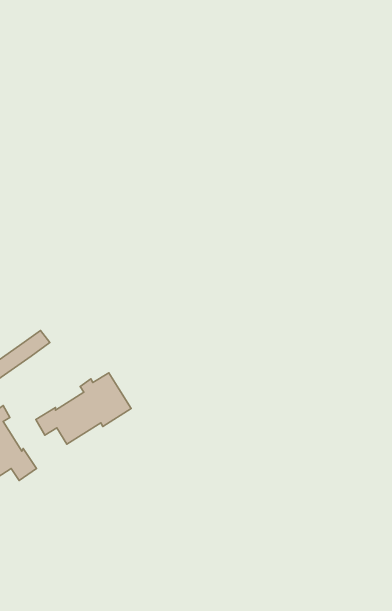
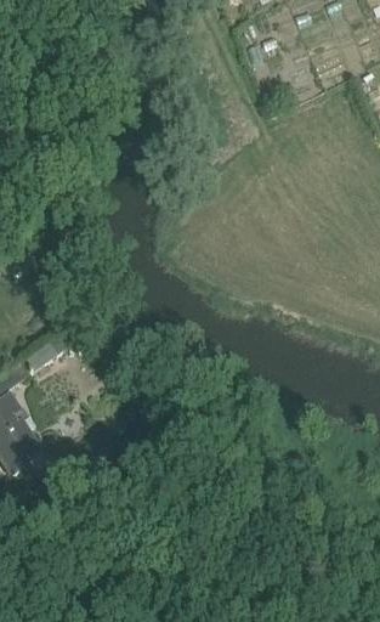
building: [36,373,131,444] -> none

